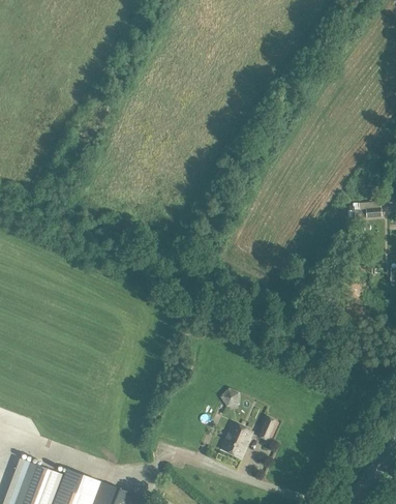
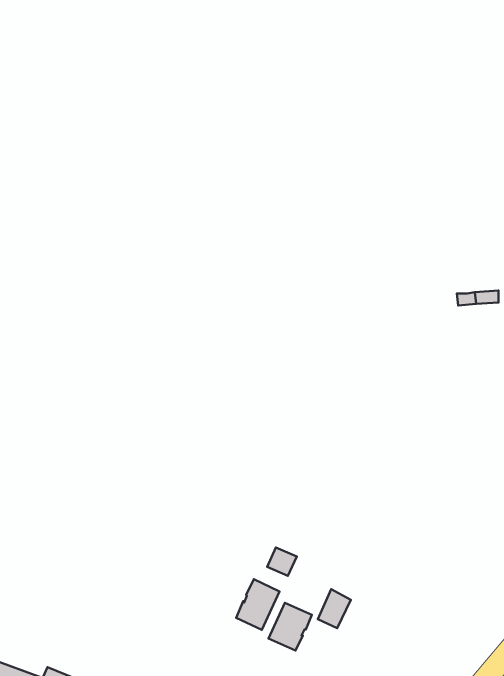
building: none -> [236,579,280,630]

